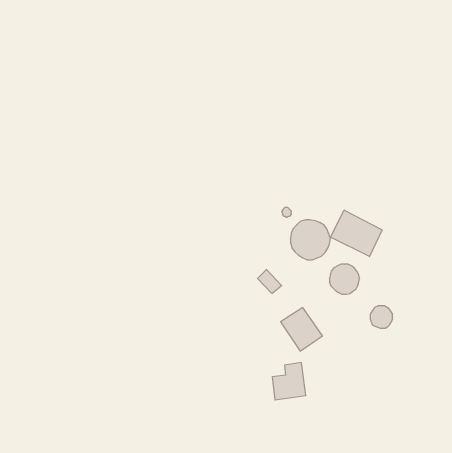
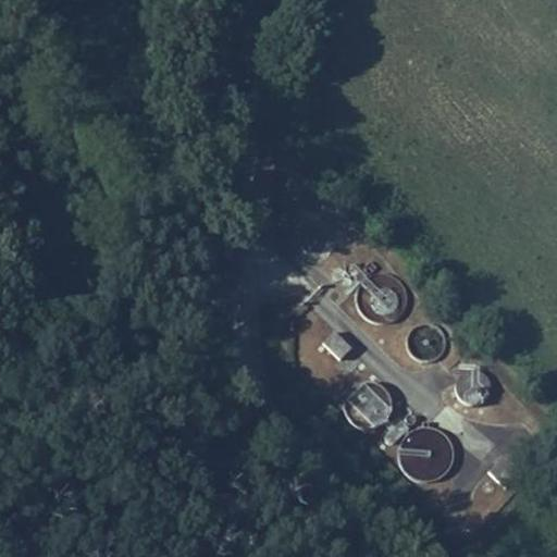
building: [330,210,382,257] -> none
building: [272,363,306,400] -> [406,433,447,479]

